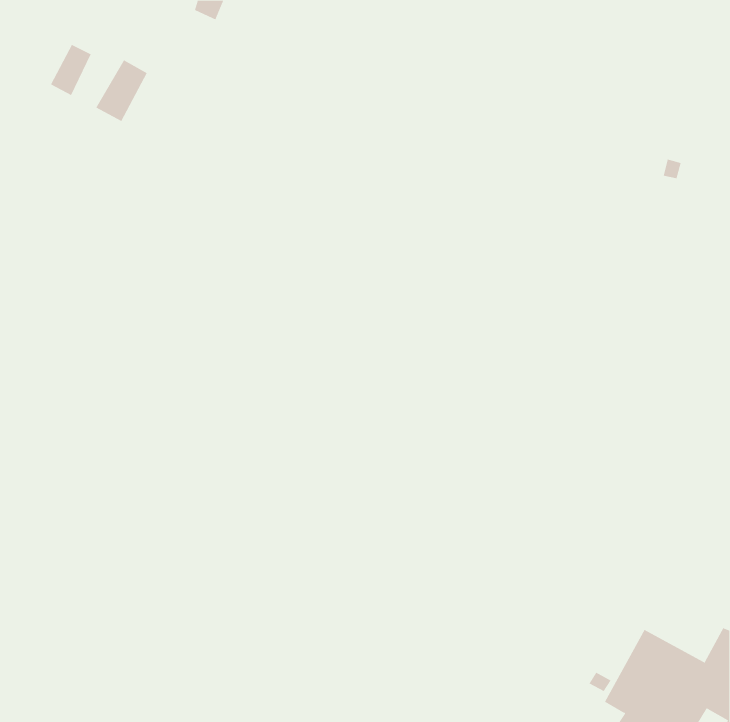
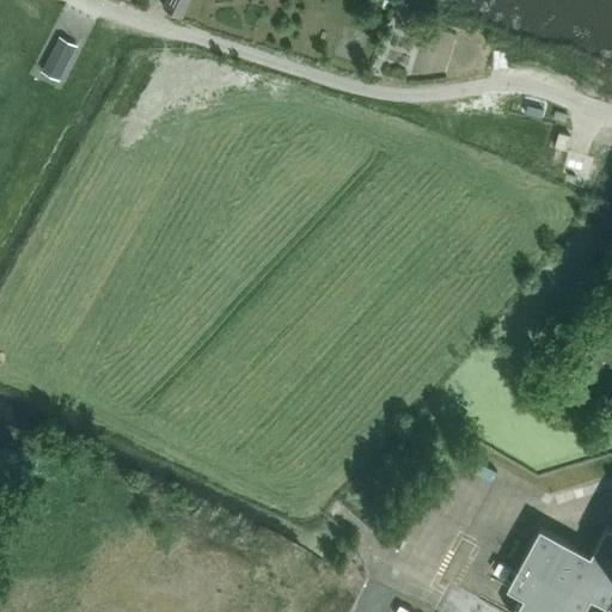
building: [96,59,148,122] -> none

